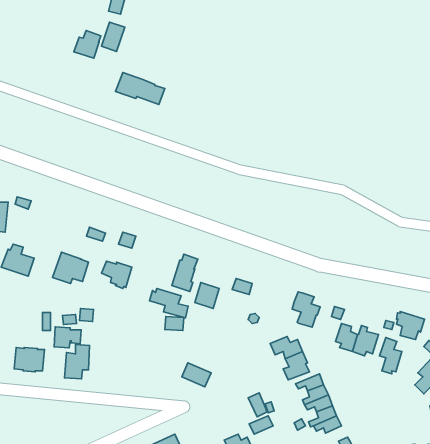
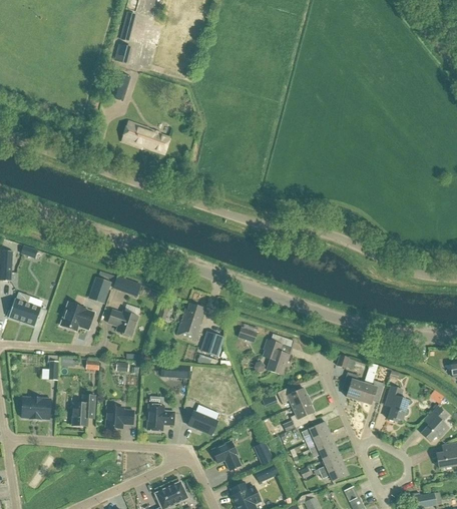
building: [74,30,101,58] -> none
building: [149,288,188,318] -> none
building: [292,292,320,327] -> [261,339,289,374]
building: [396,311,425,339] -> none
building: [54,327,81,348] -> [106,407,133,428]
building: none -> [146,404,174,430]
building: none -> [210,440,241,470]

